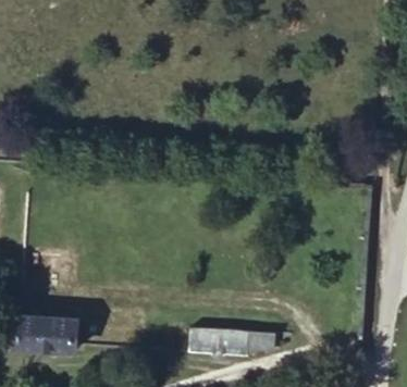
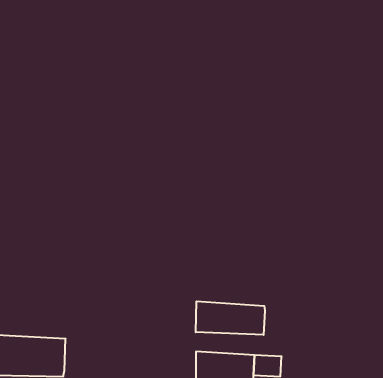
building: none -> [196,301,265,335]

